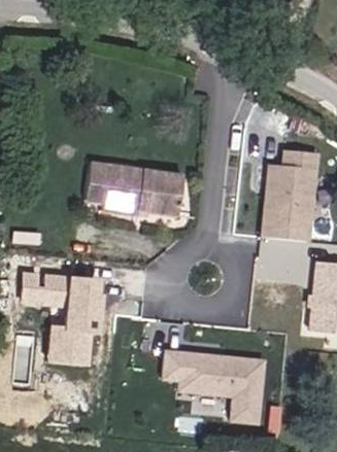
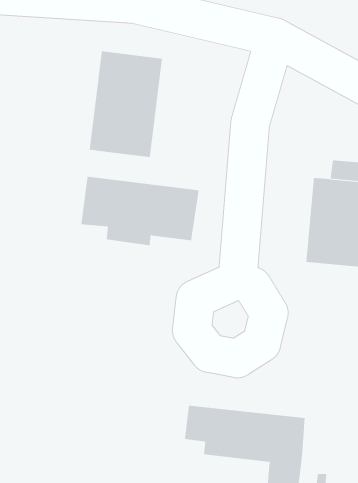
building: none -> [89,50,162,158]
building: [21,272,105,364] -> none

